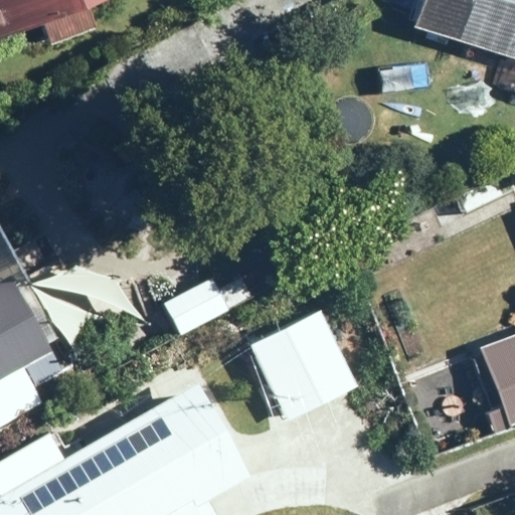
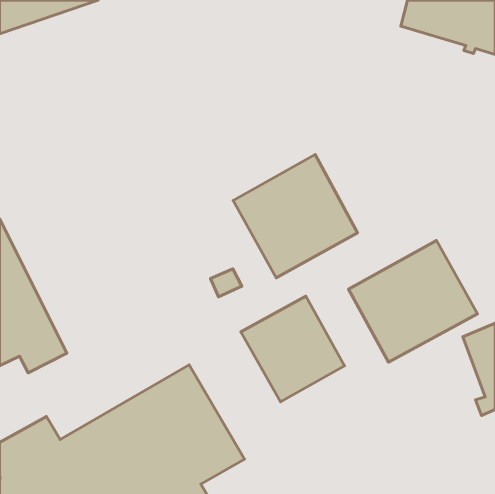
building: none -> [233,155,357,278]
building: none -> [349,240,477,362]

